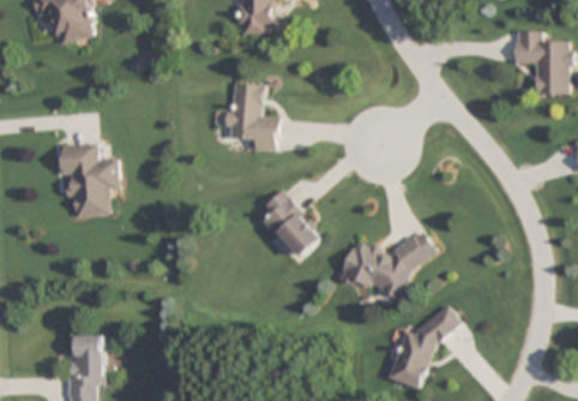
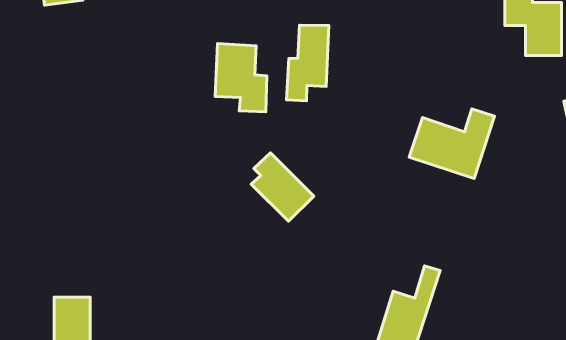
building: none -> [287,25,329,101]
building: [62,143,118,215] -> none
building: [342,231,427,300] -> [409,109,495,179]

